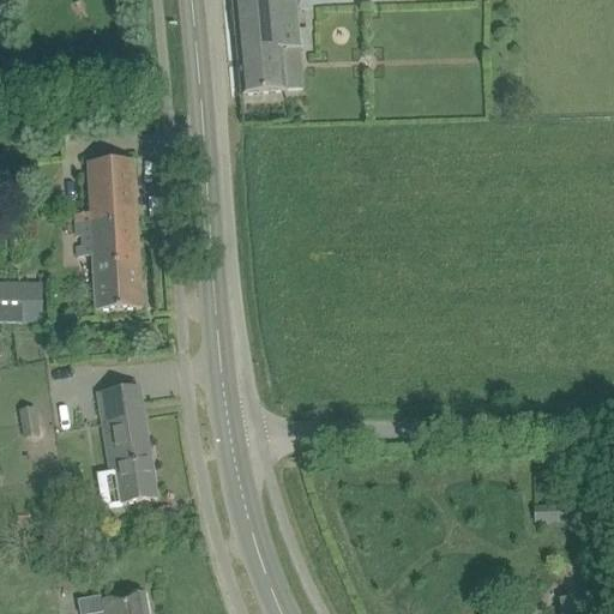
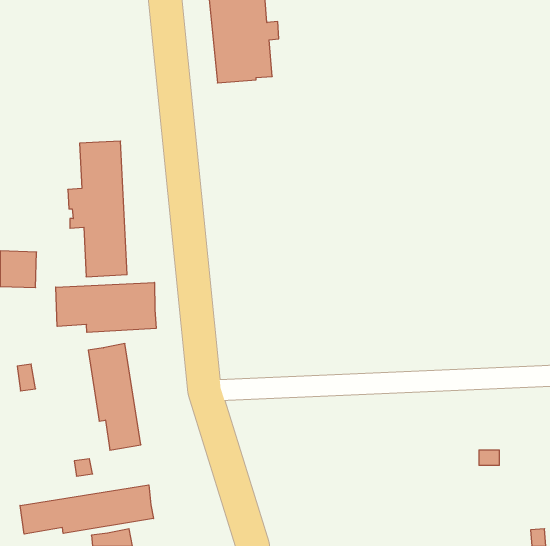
building: none -> [56,282,156,332]
building: none -> [20,485,153,534]

